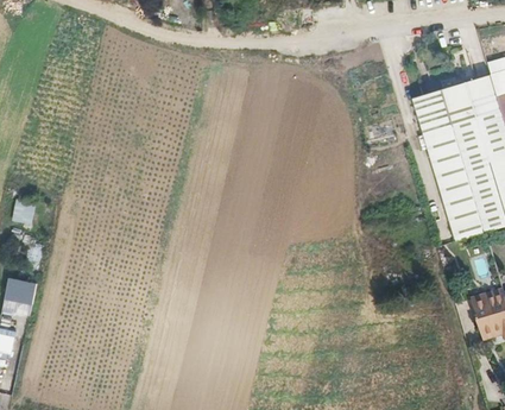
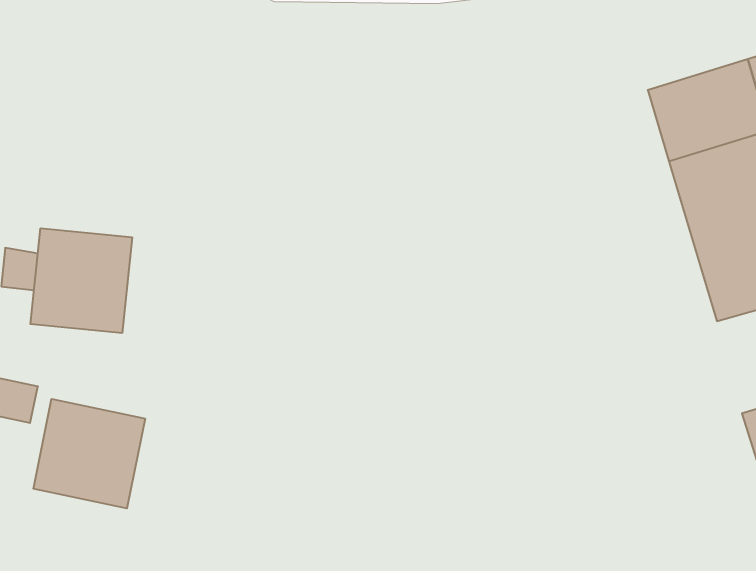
building: none -> [30,228,132,333]
building: none -> [33,399,145,508]

